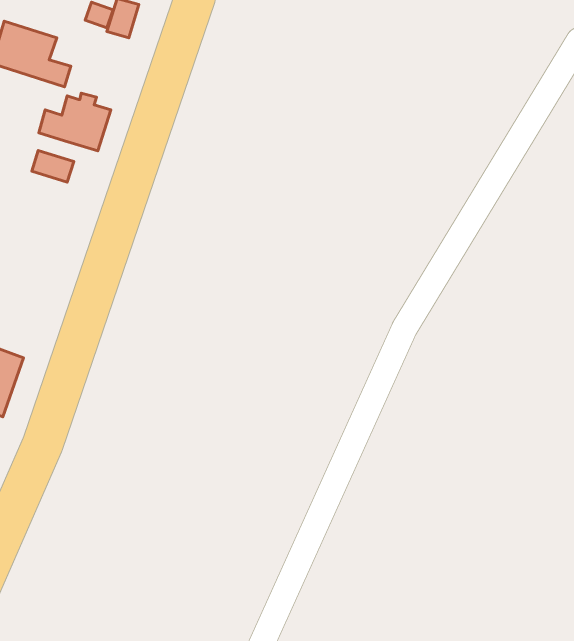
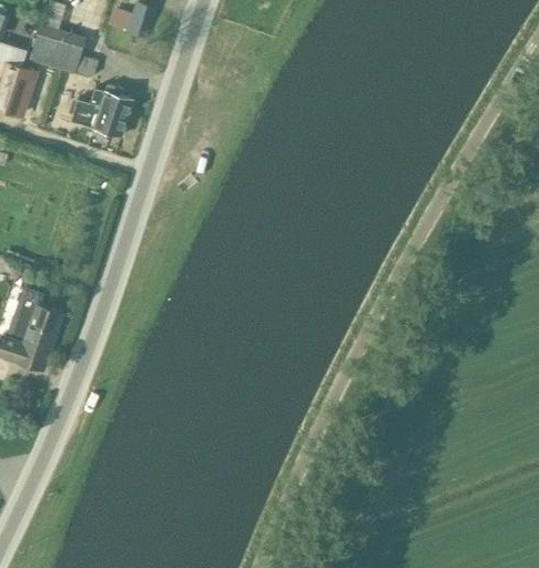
building: [32,151,74,182] -> none

